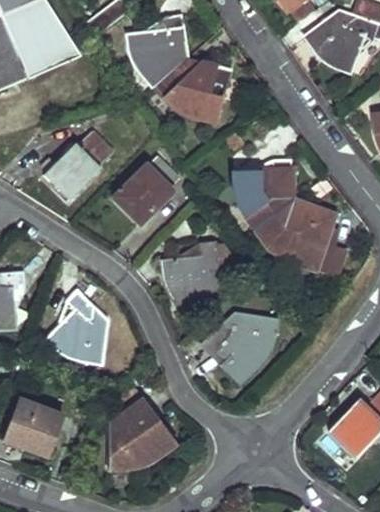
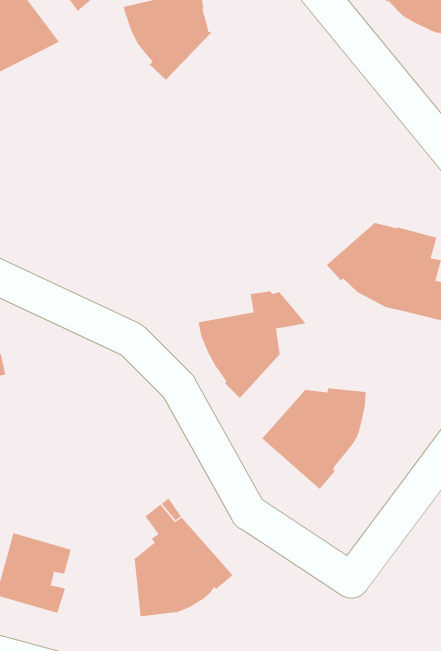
building: [153,58,231,123] -> none
building: [39,130,113,199] -> none
building: [115,157,178,223] -> none
building: [236,159,292,227] -> none
building: [48,290,108,364] -> none

